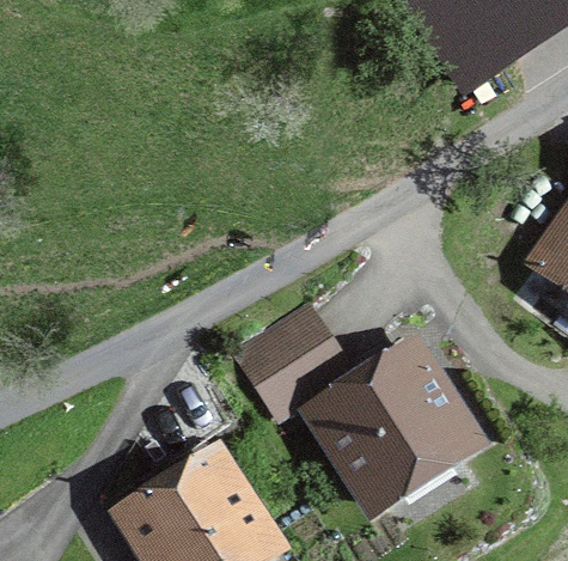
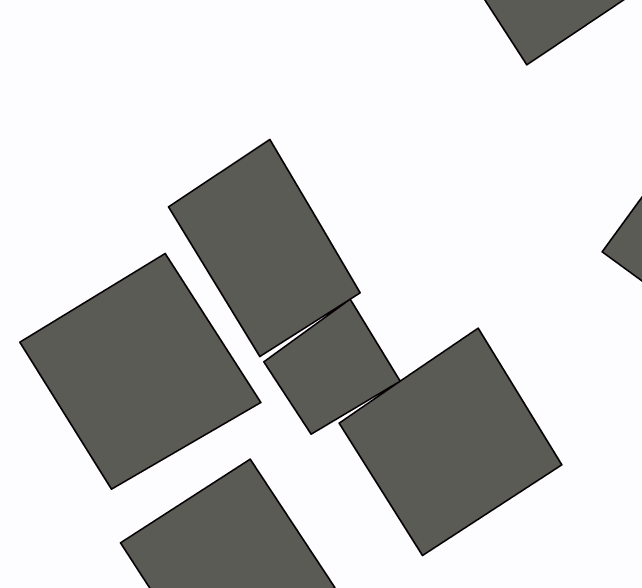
building: none -> [168,140,360,357]
building: none -> [20,253,261,489]

